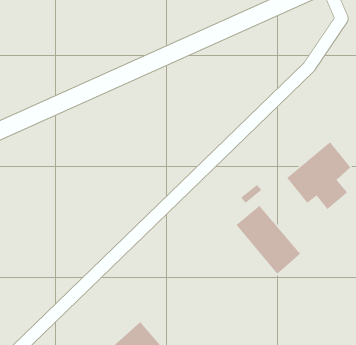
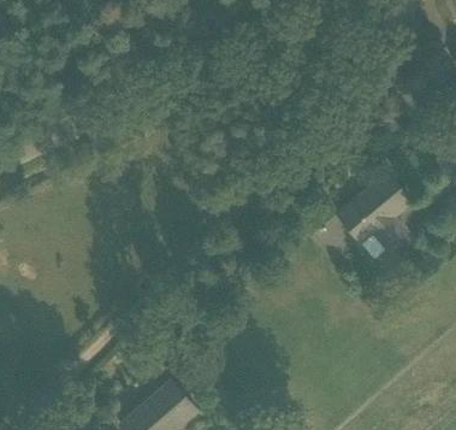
building: [235,205,301,275] -> none

